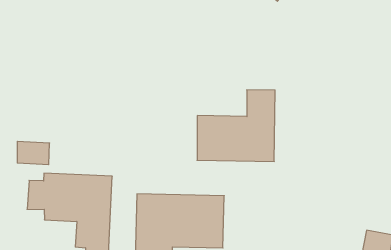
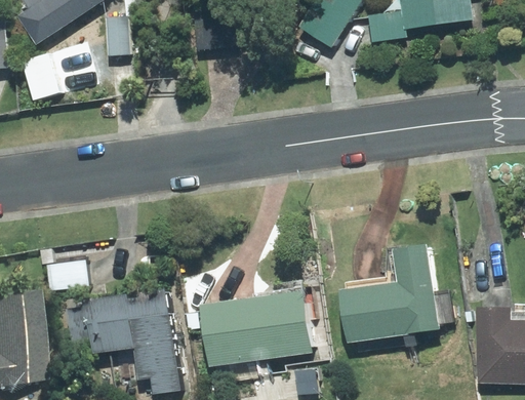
building: [197,90,275,161] -> [341,243,442,342]

